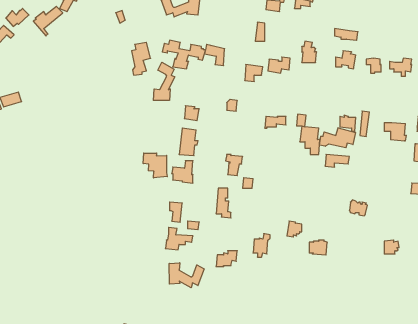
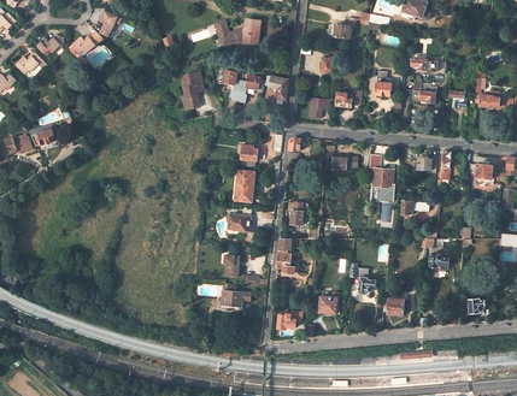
building: [153,62,175,100] -> none
building: [319,128,355,148] -> none
building: [143,153,167,178] -> none
building: [169,263,204,288] -> none

